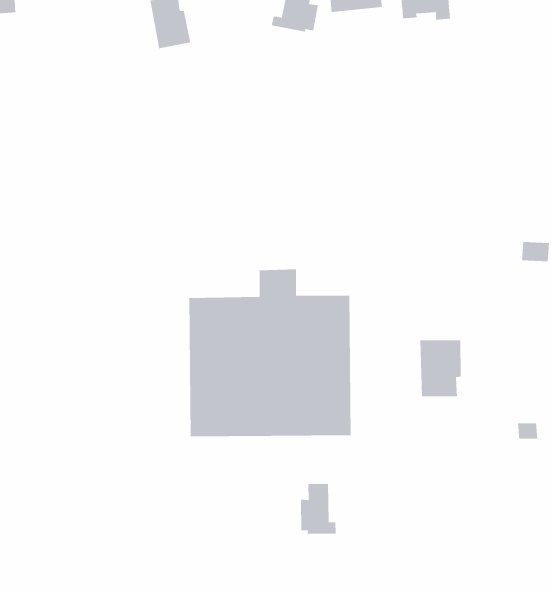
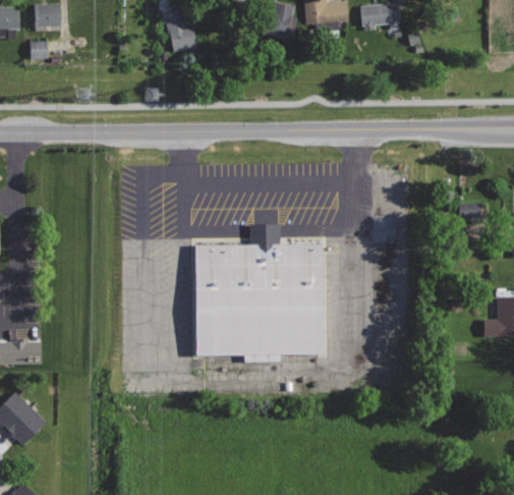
building: [420,339,462,397] -> none
building: [300,483,337,535] -> none

